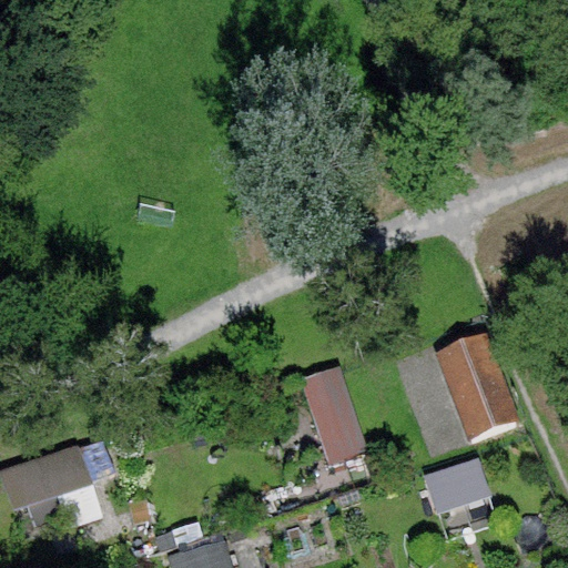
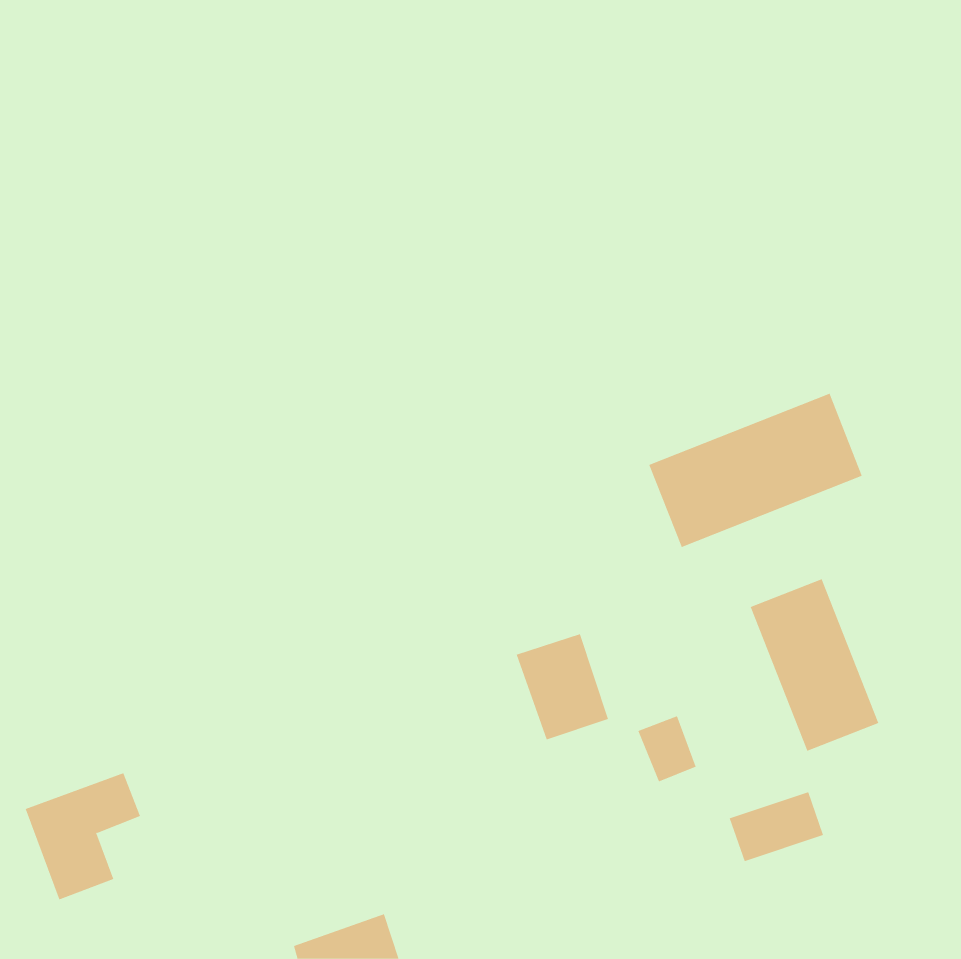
building: none -> [649,393,863,548]

